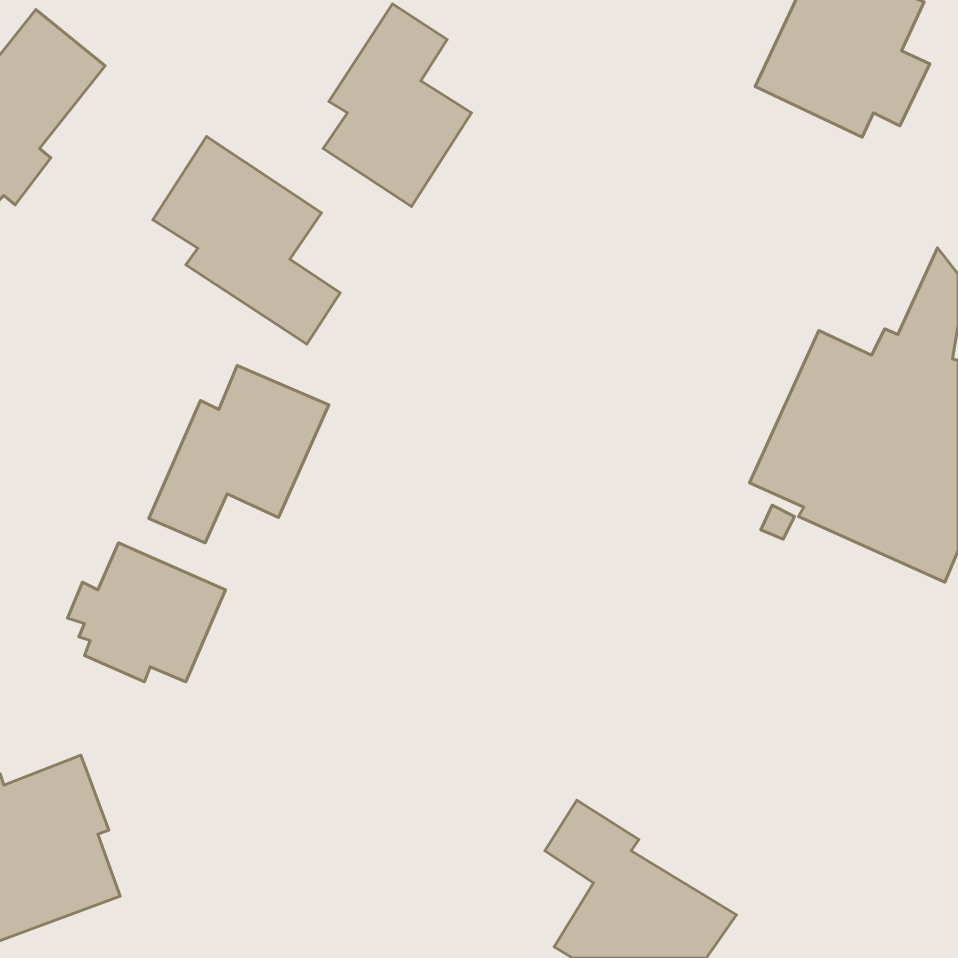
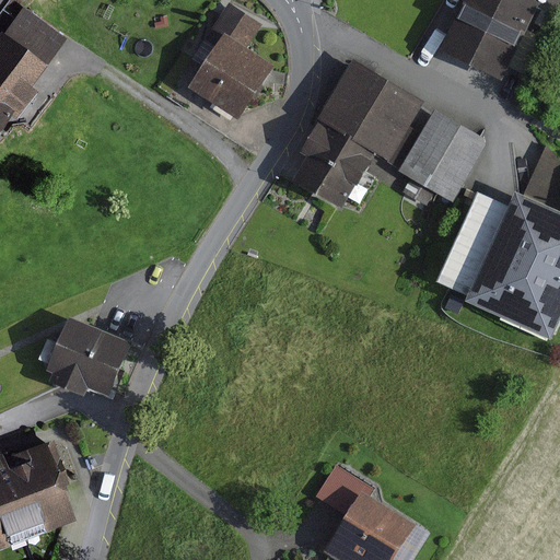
building: none -> [298,58,489,209]
building: [153,137,340,344] -> none
building: [149,365,329,543] -> none

